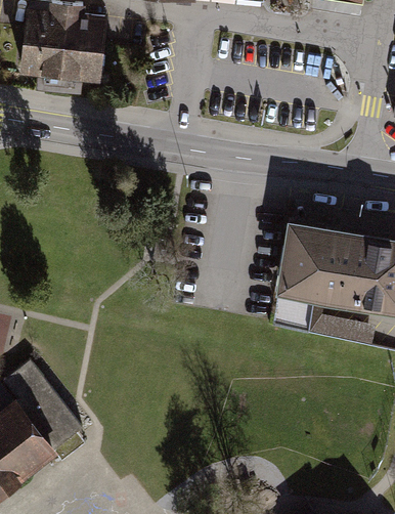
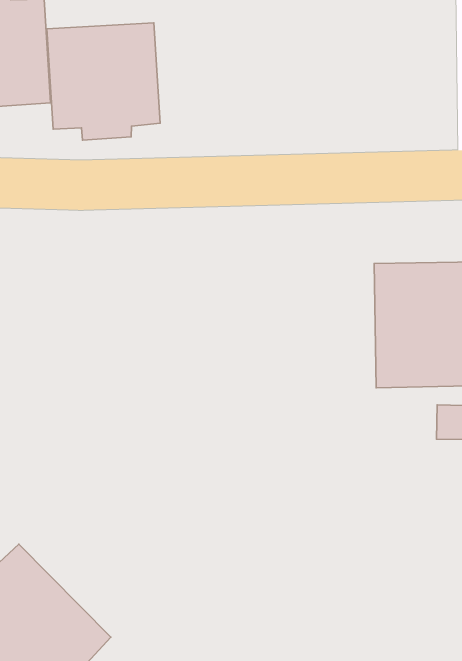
building: none -> [47,23,160,140]

